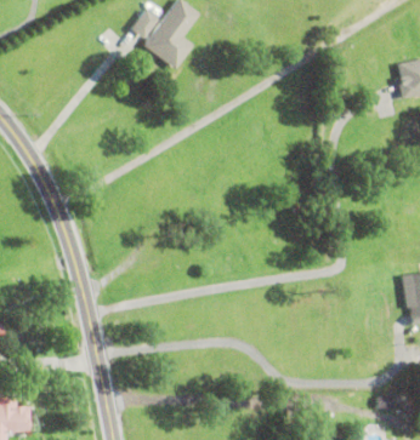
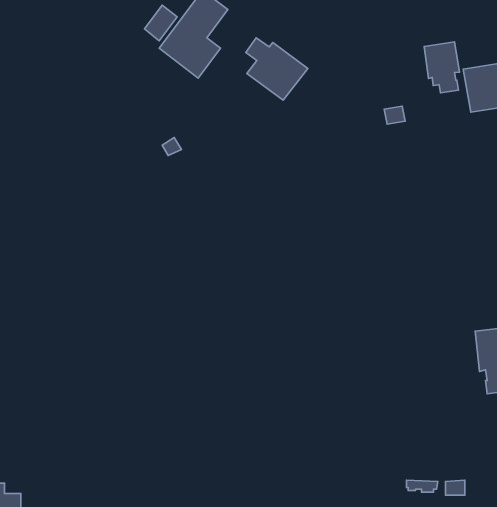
building: none -> [246,38,308,100]
building: none -> [424,42,460,93]

